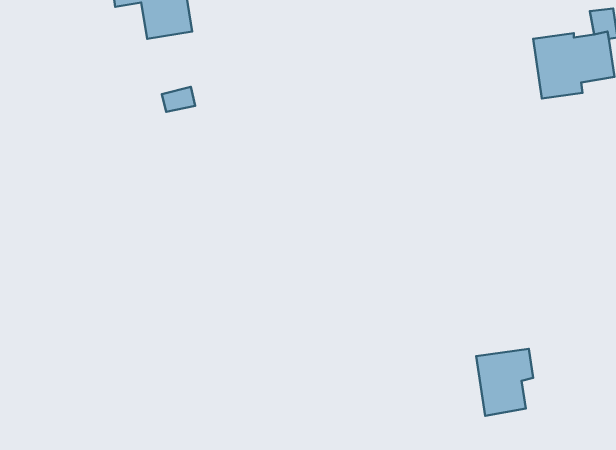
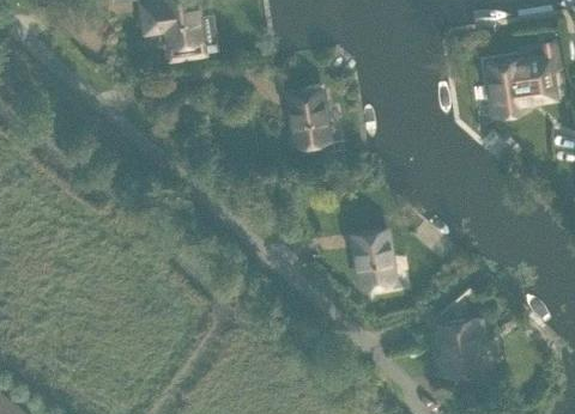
building: none -> [290,92,331,145]
building: none -> [356,233,395,286]

